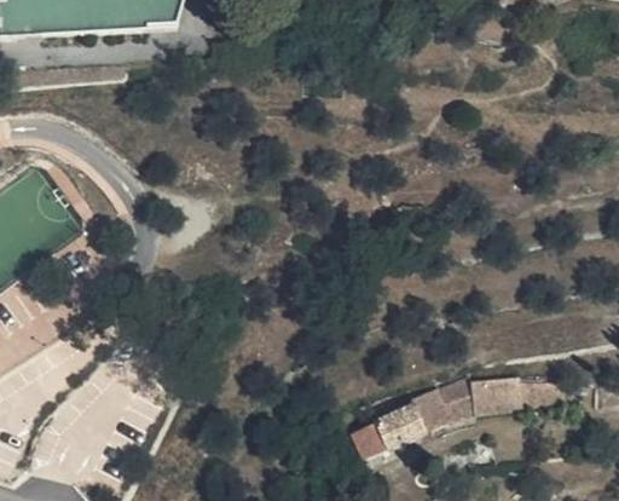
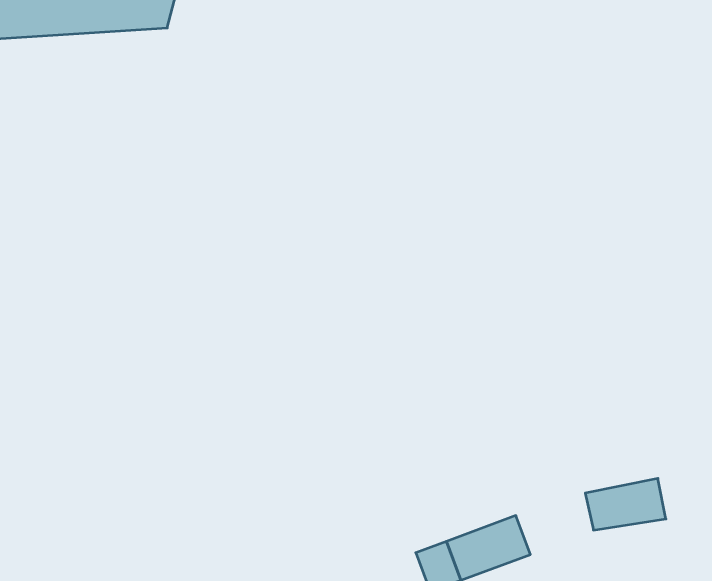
building: [421,378,482,433] -> none

